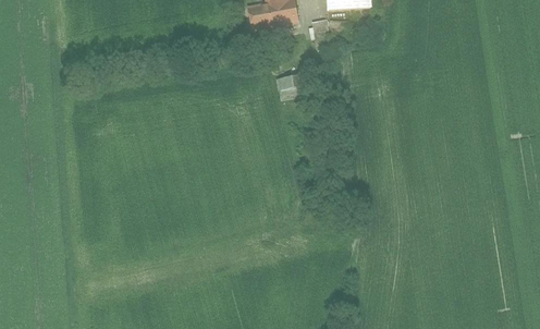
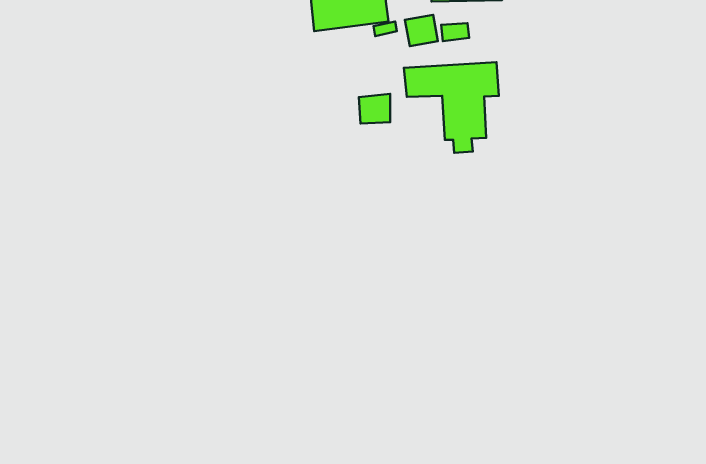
building: none -> [404,62,499,153]

